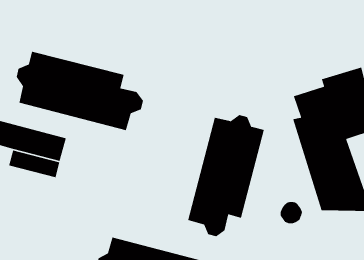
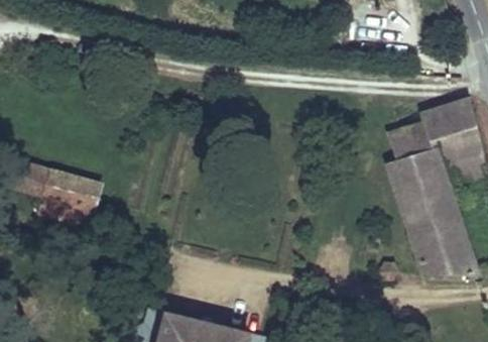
building: [16,51,144,131] -> none
building: [187,114,265,237] -> none

